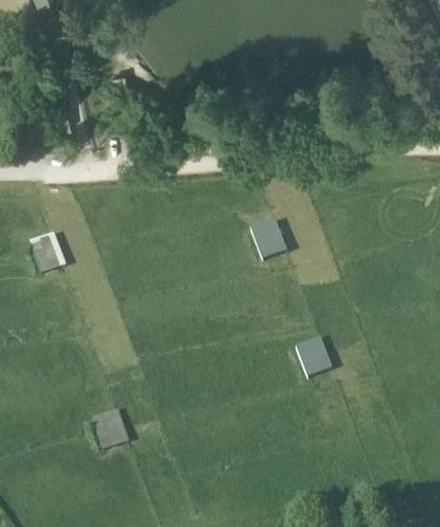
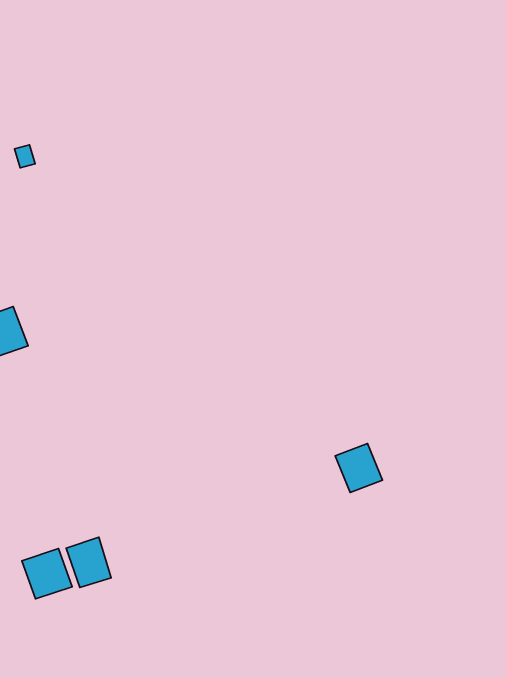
building: [251,219,287,259] -> none
building: none -> [22,549,72,599]

